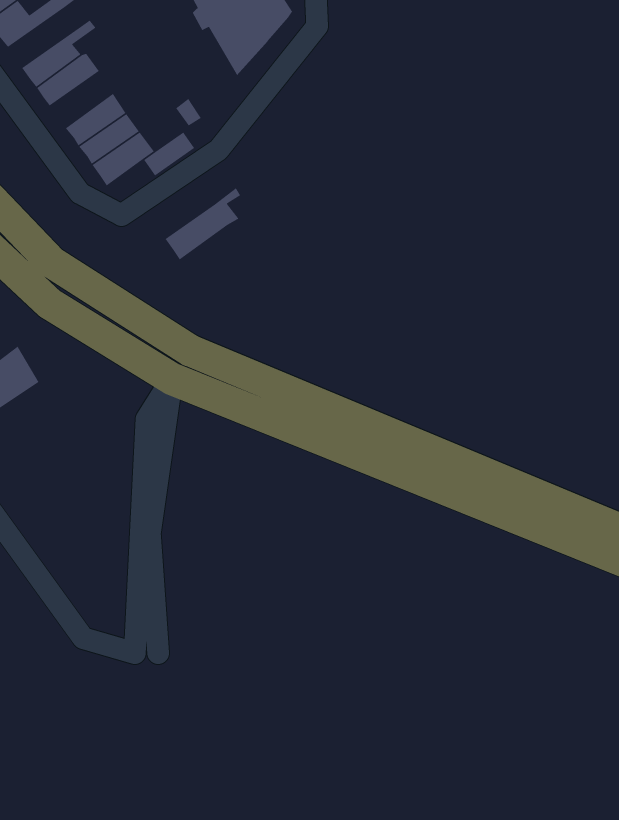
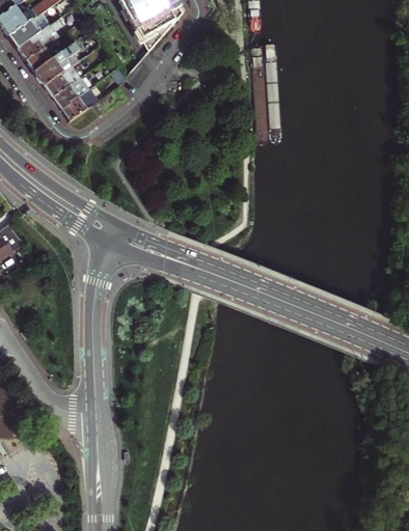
building: none -> [7,9,51,47]
building: [164,187,241,261] -> [33,38,81,84]

